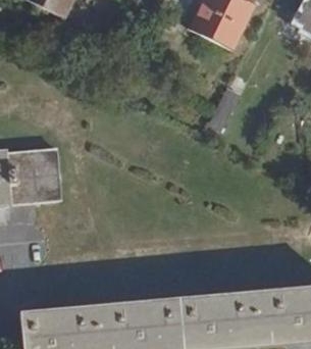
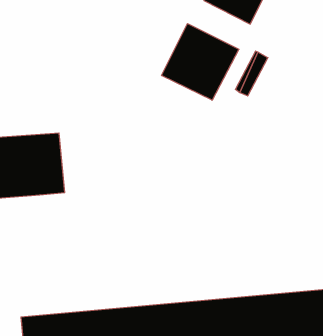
building: none -> [162,24,239,100]

